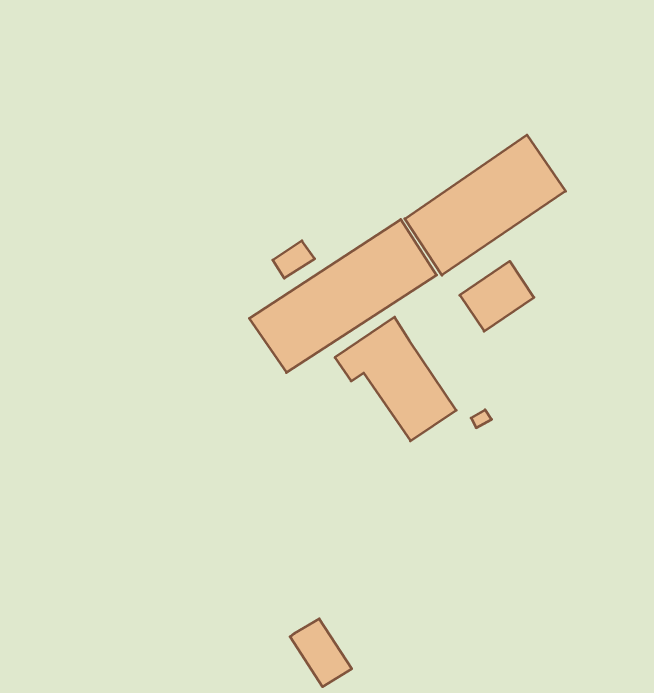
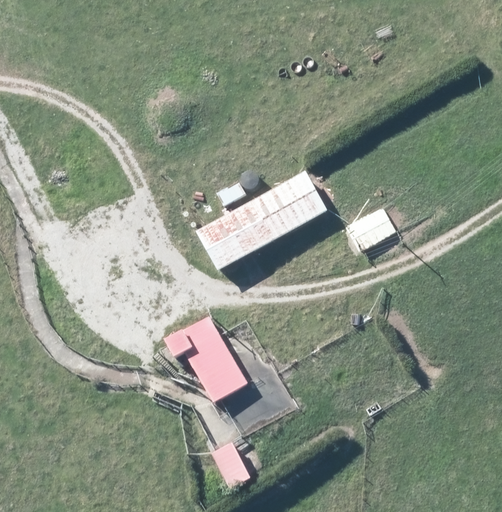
building: [405,135,566,275] -> none
building: [335,317,456,441] -> [165,315,246,401]

